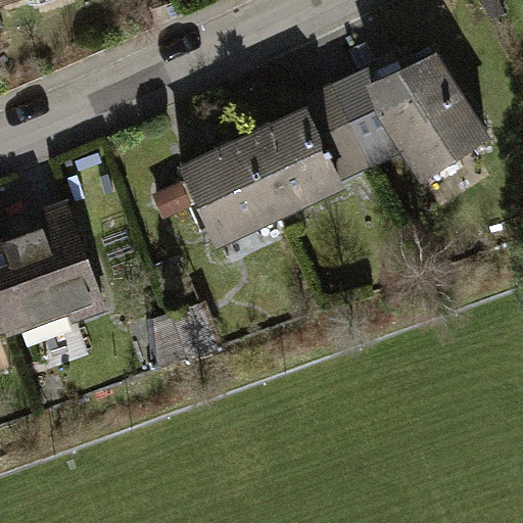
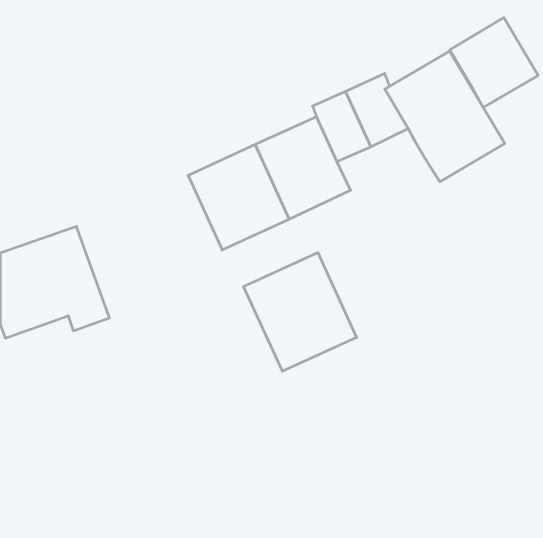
building: none -> [450,18,538,107]
building: none -> [244,253,357,371]

